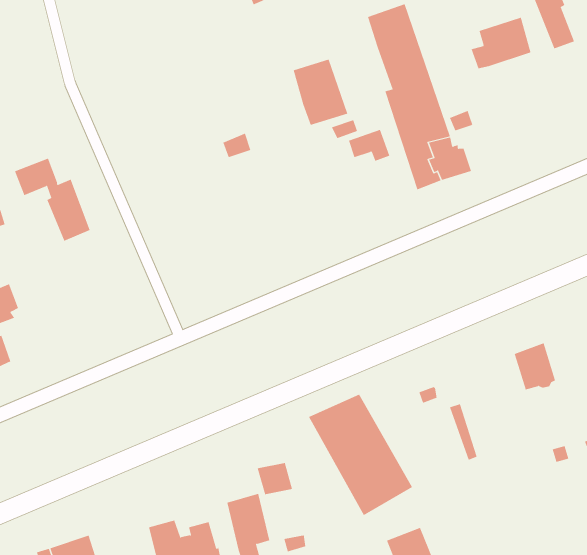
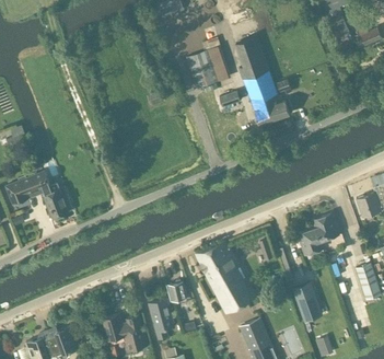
building: [471,17,531,69] -> none
building: [14,158,90,242] -> [23,172,67,220]
building: none -> [296,227,322,256]
building: none -> [292,283,321,322]

